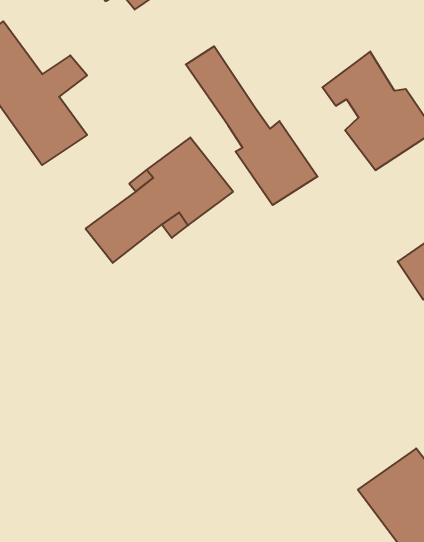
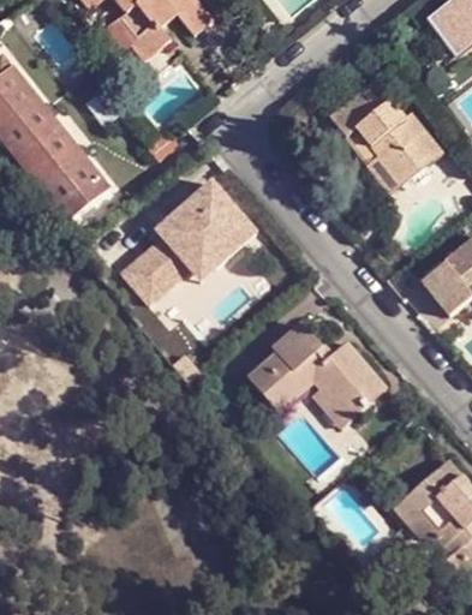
building: [186,46,318,205] -> none
building: none -> [246,321,388,428]

